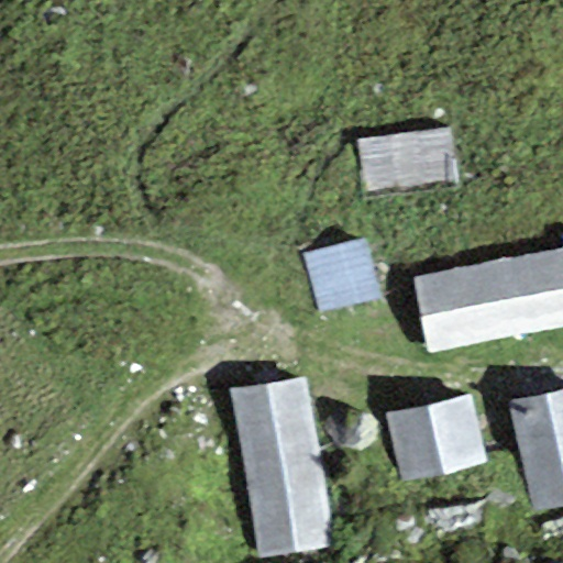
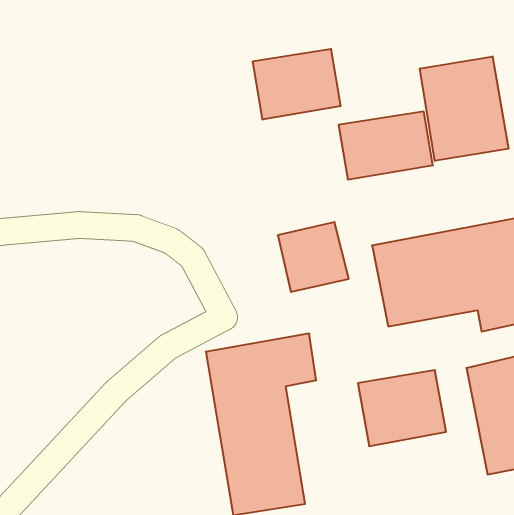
building: none -> [253,49,340,120]
building: none -> [420,56,508,161]

